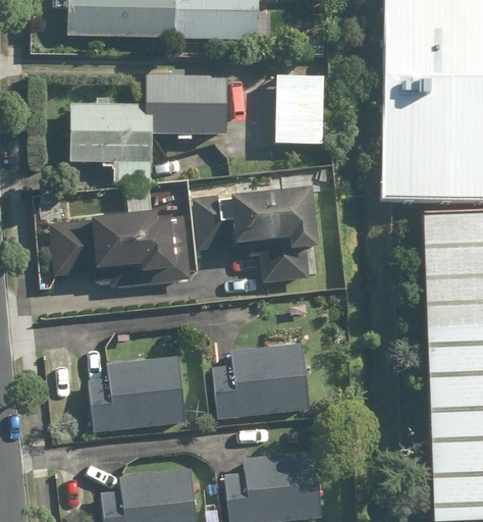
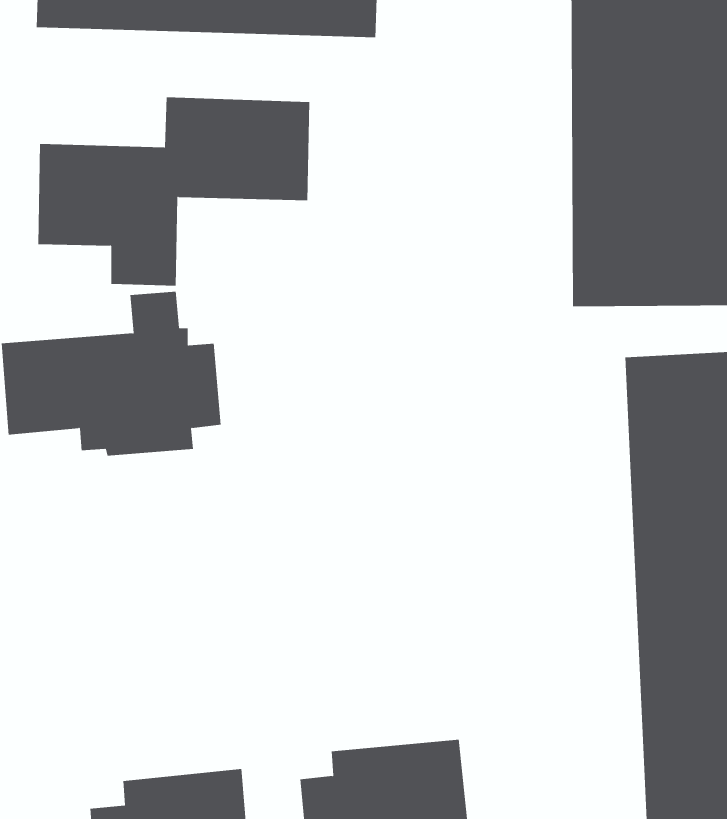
building: [277,74,328,144] -> none
building: [194,185,322,282] -> none
building: [211,341,311,421] -> none
building: [90,357,185,433] -> none

